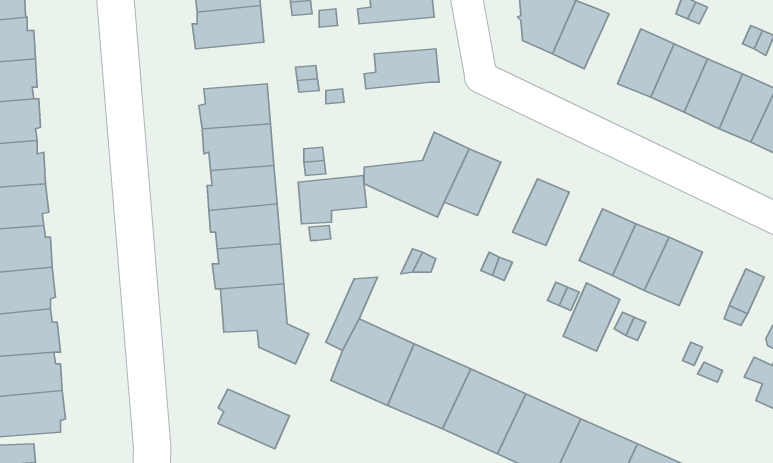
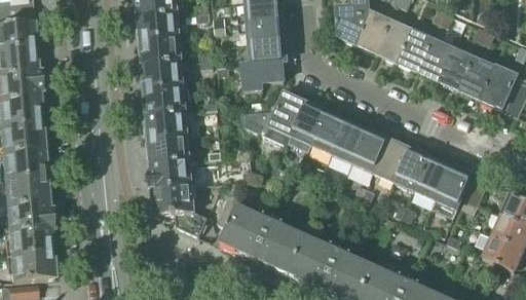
building: none -> [376,18,411,62]
building: none -> [237,21,285,43]
building: none -> [137,36,181,65]
building: none -> [310,110,347,153]
building: [298,175,366,224] -> [241,61,284,90]
building: none -> [435,165,471,209]
building: [563,283,620,351] -> [352,128,387,171]
building: [218,389,289,449] -> none

